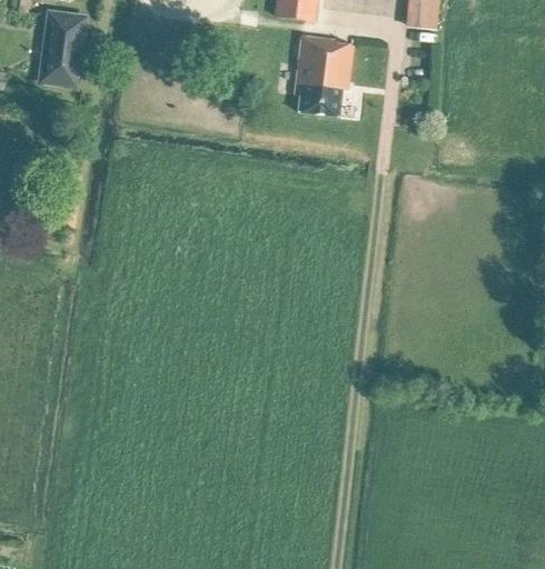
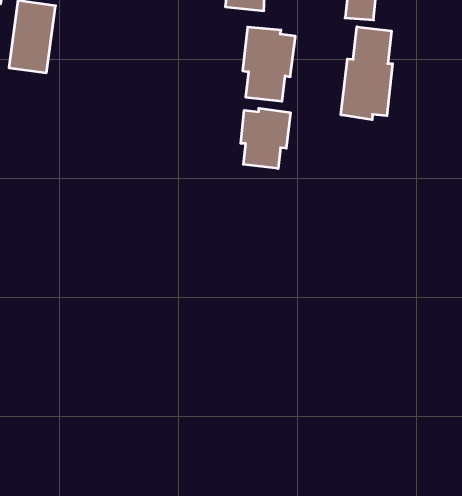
building: none -> [341,27,393,120]
building: none -> [241,108,290,169]

